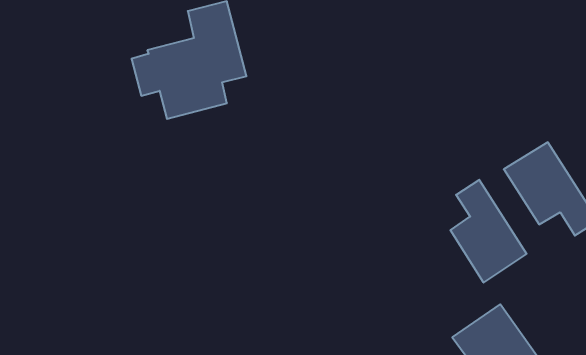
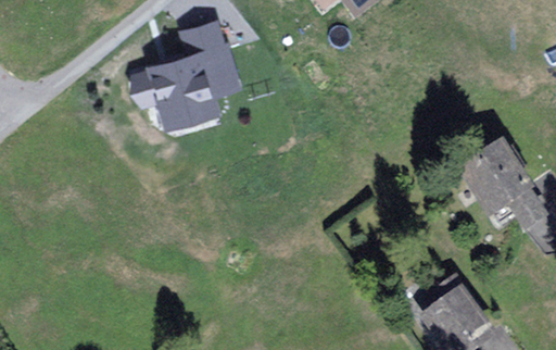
building: [450,180,527,283] -> none

